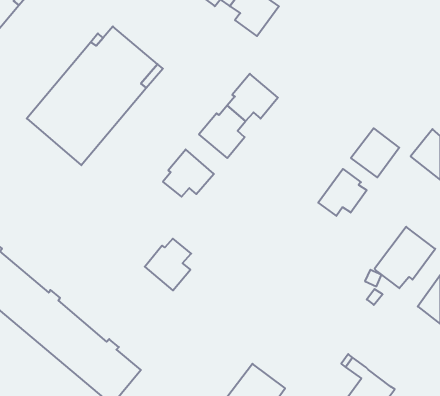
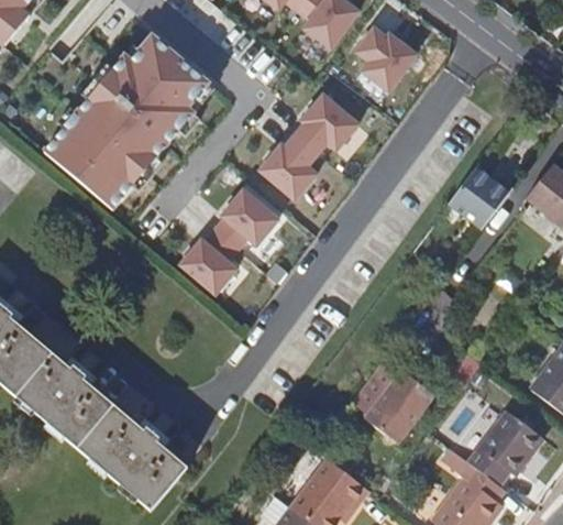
building: none -> [357,26,418,90]
building: [318,169,367,216] -> none
building: [375,227,435,288] -> [468,409,544,486]
building: [145,239,191,290] -> [179,230,238,295]
building: none -> [351,360,433,441]

